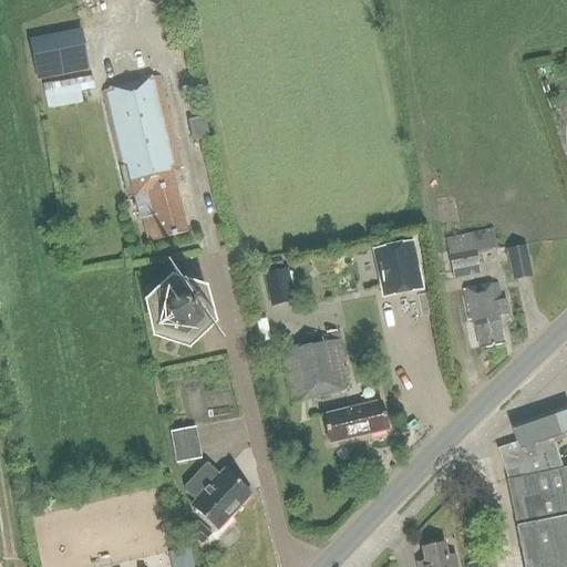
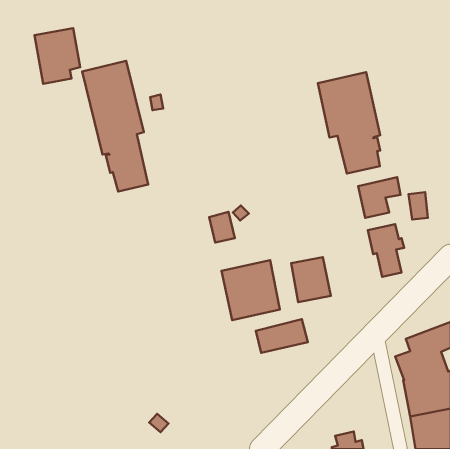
building: none -> [318,72,380,174]
building: [373,239,423,296] -> [291,257,331,302]
building: [144,274,216,348] -> none
building: [171,425,202,461] -> none
building: [185,461,251,528] -> none

